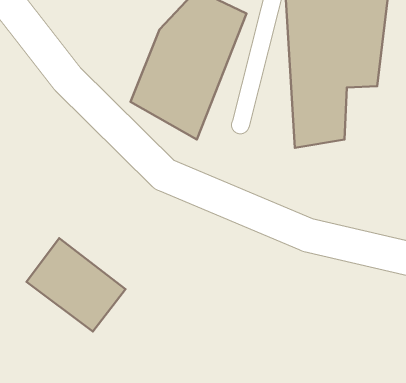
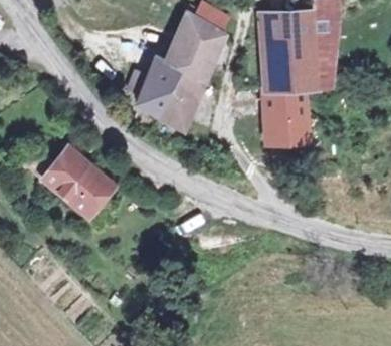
building: [26,238,126,331] -> [36,143,119,221]

